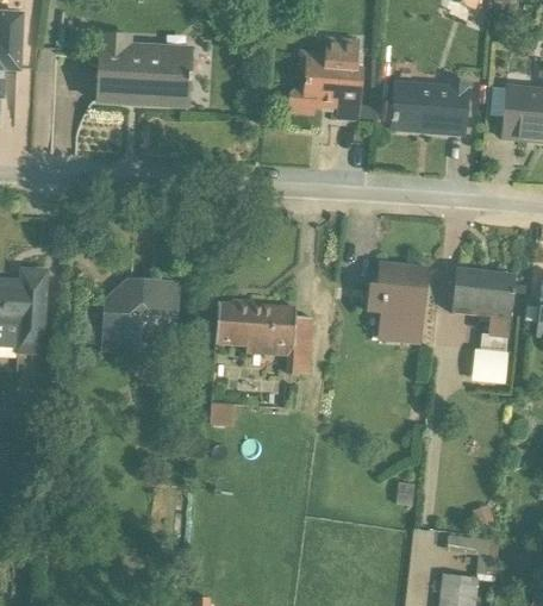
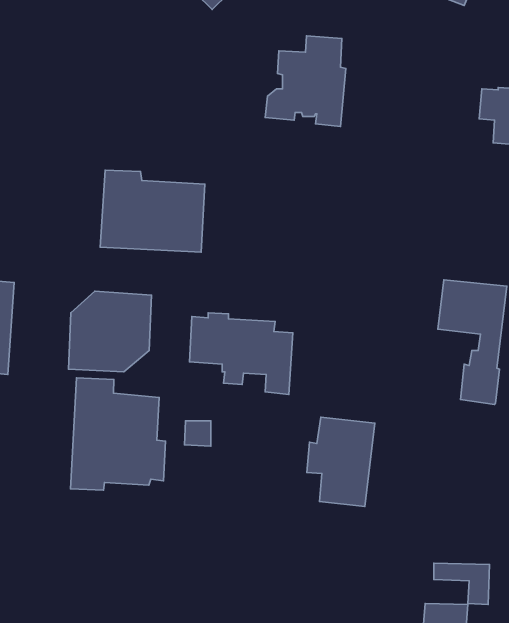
building: [94,31,193,108] -> [100,170,205,252]
building: [389,77,470,136] -> none
building: [366,258,430,343] -> [307,417,375,506]
building: none -> [71,378,165,490]

